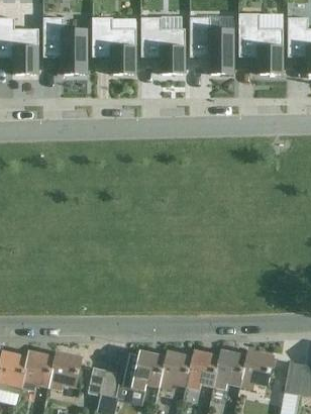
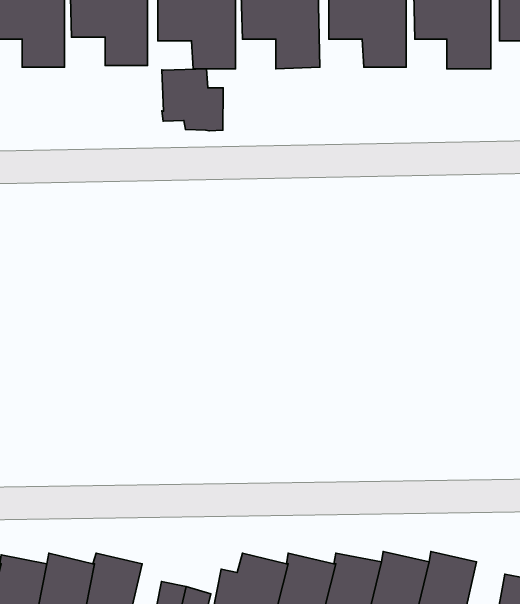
building: none -> [162,69,223,131]

